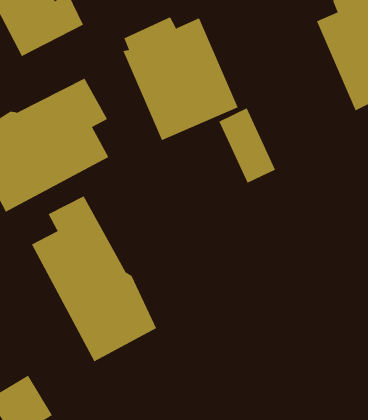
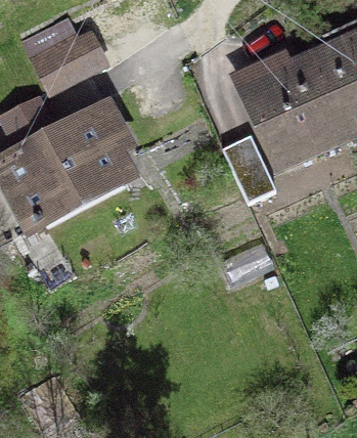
building: [122,16,239,141] -> [240,57,344,168]
building: [31,196,157,362] -> none

